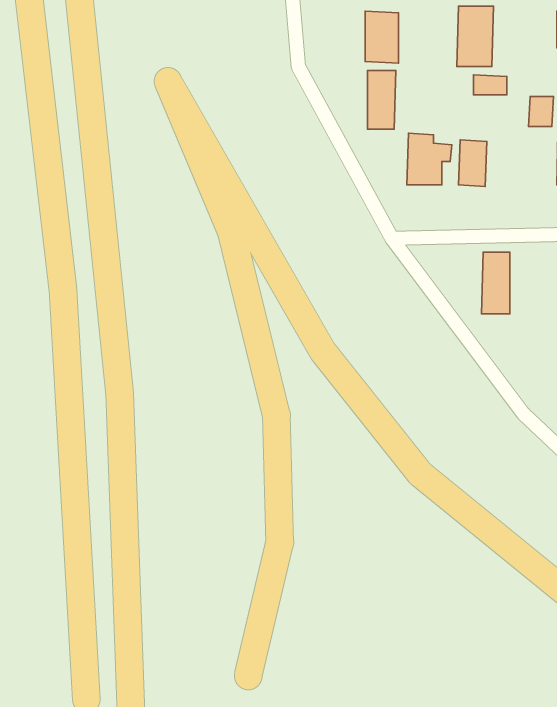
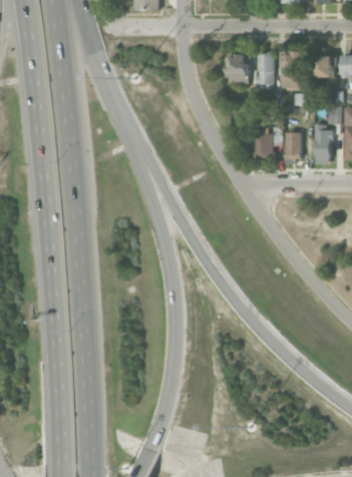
building: none -> [315,55,332,77]
building: [368,71,396,129] -> [257,53,274,88]
building: [482,252,510,314] -> [314,126,331,163]

